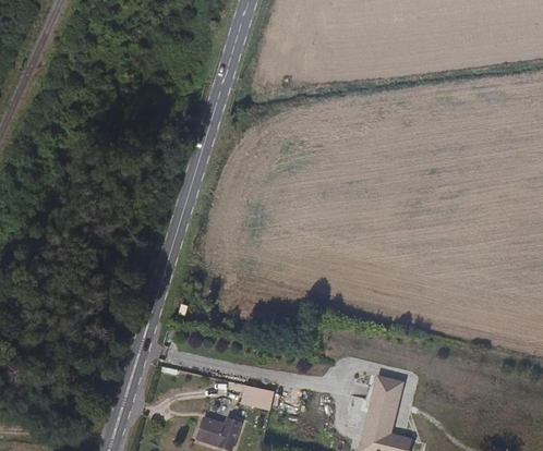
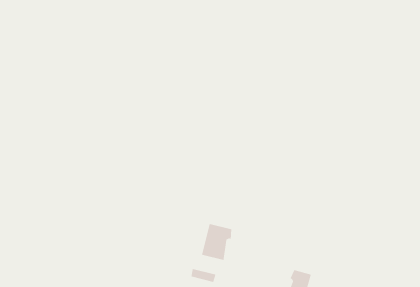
building: none -> [201,223,232,261]

